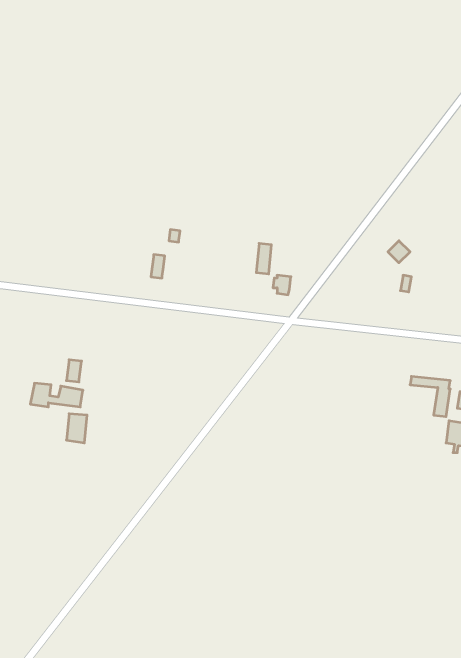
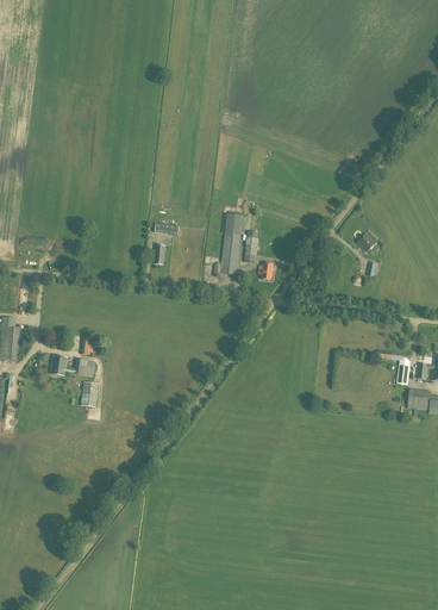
building: none -> [214,231,242,274]

